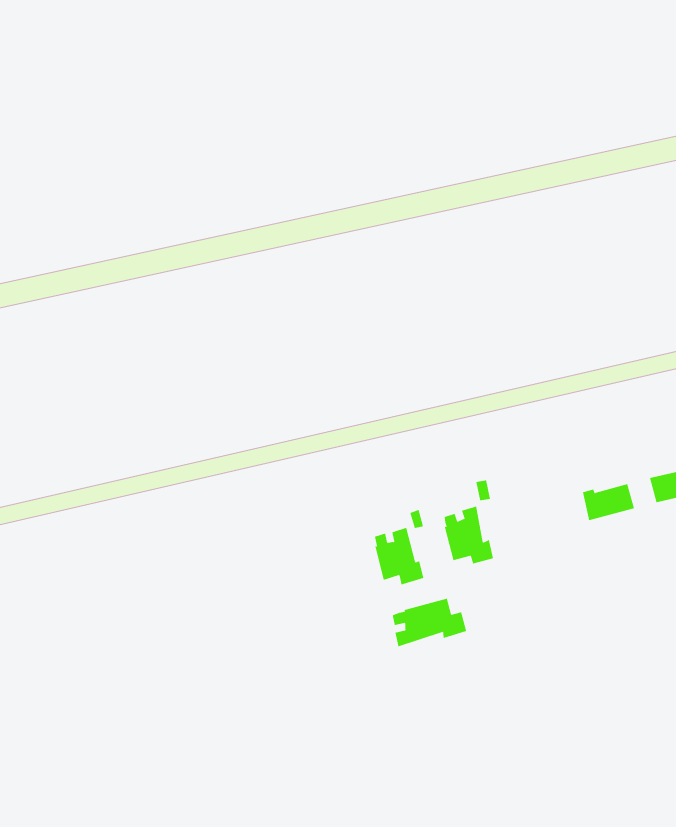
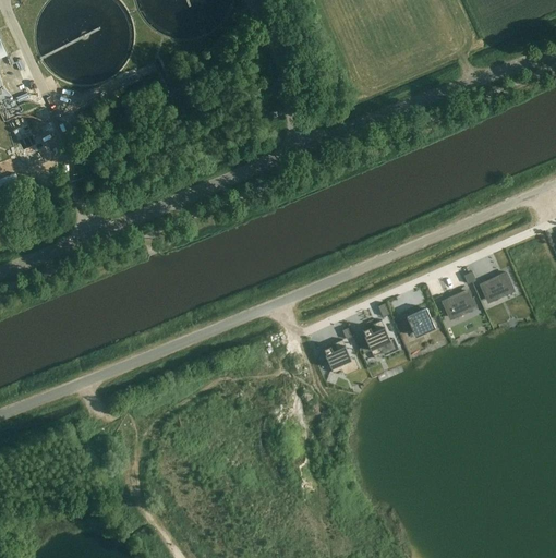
building: none -> [403,310,433,335]
building: [392,598,467,647] -> none

